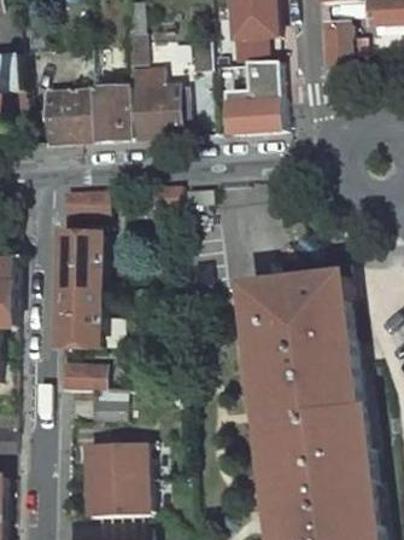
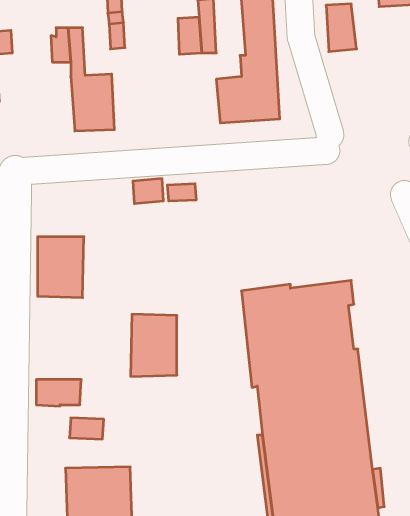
building: [124,66,175,137] -> none
building: [42,88,92,141] -> none
building: [58,186,101,216] -> none
building: [57,289,99,346] -> [131,314,177,376]

